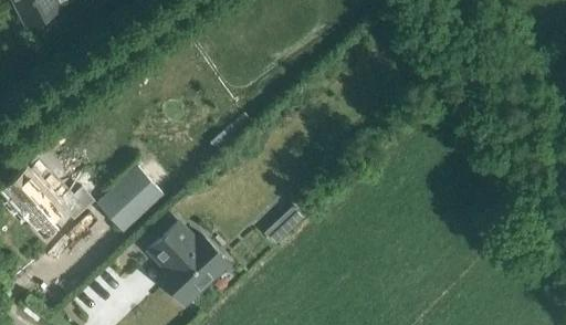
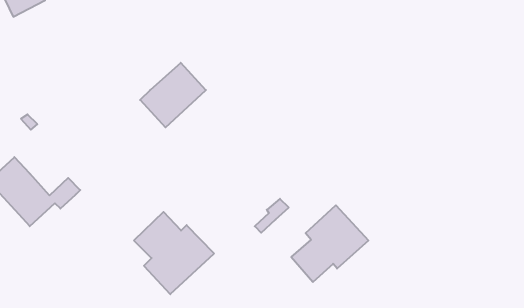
building: [97,166,164,231] -> [140,63,206,127]
building: none -> [291,205,368,282]

